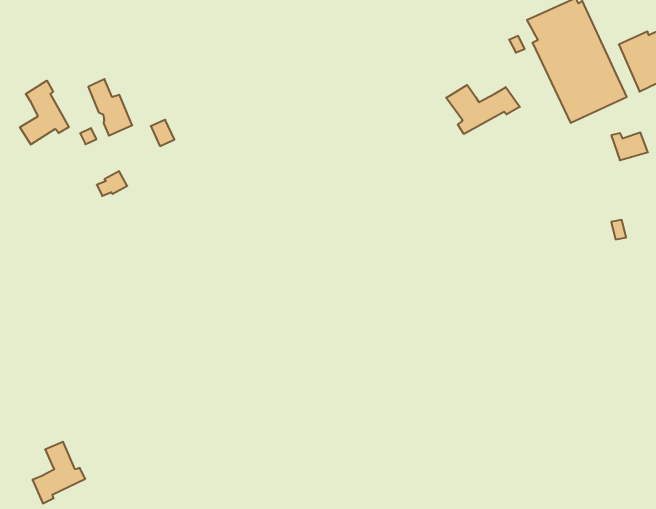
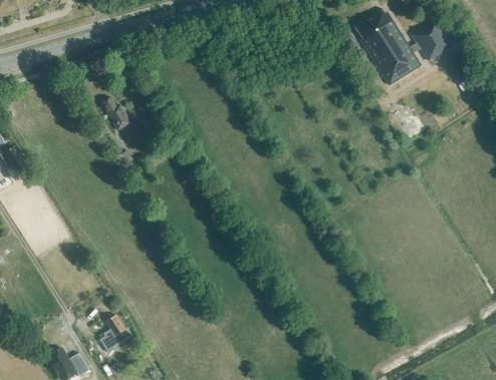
building: [20,81,69,145] -> none
building: [446,85,520,134] -> none

